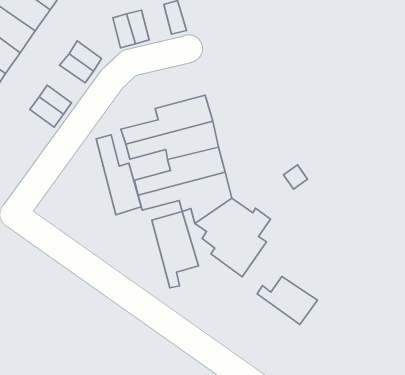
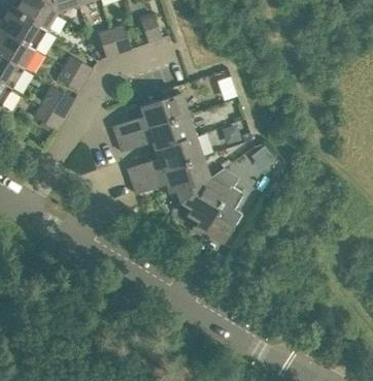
building: [96,135,141,215] -> none
building: [152,212,198,288] -> none
building: [257,277,317,324] -> none

